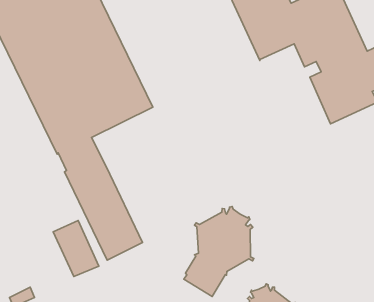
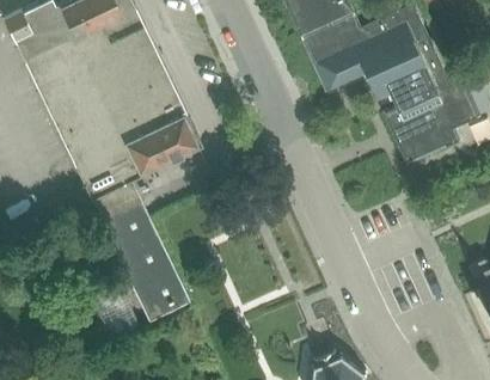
building: [184,206,254,296] -> none

